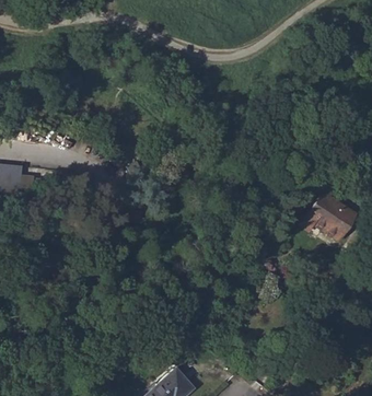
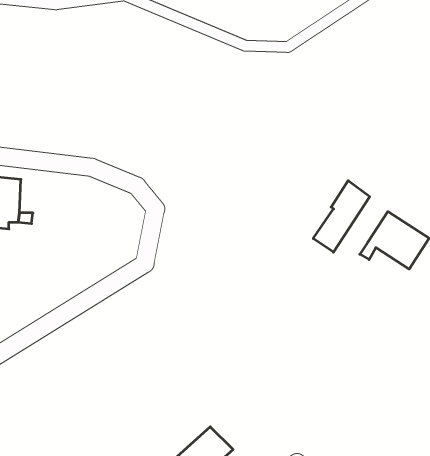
building: none -> [313,181,370,252]

